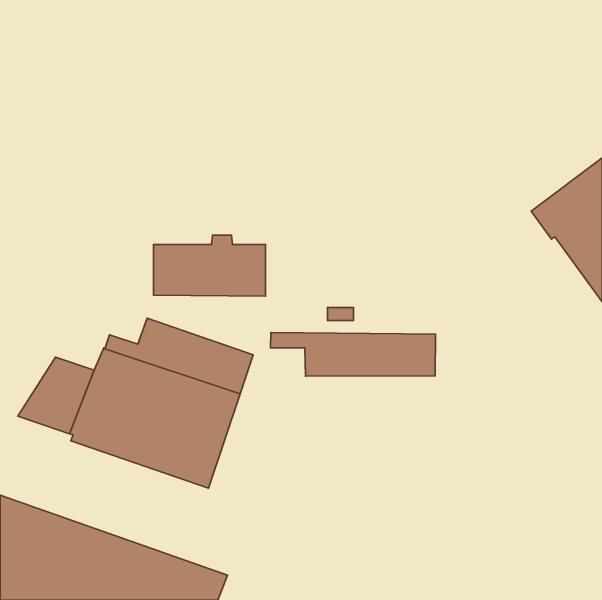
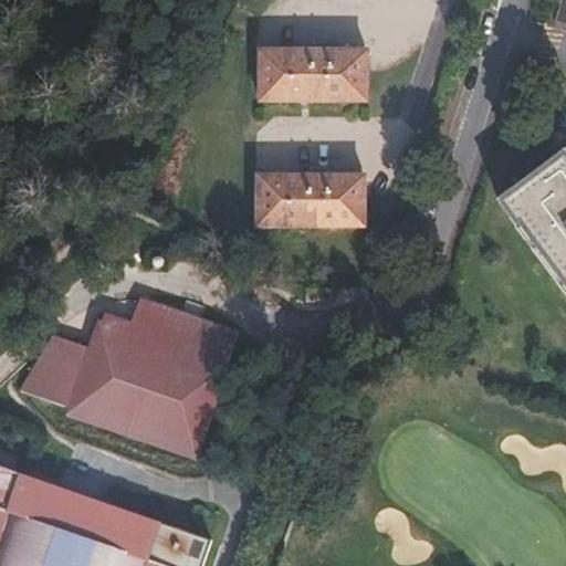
building: none -> [260,43,366,103]
building: [154,235,266,296] -> [259,168,364,226]
building: [271,333,435,376] -> none

